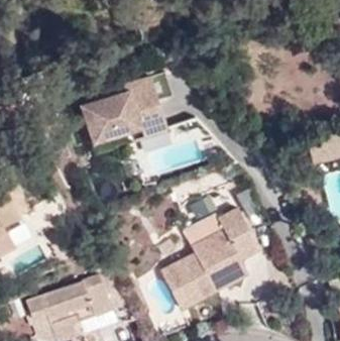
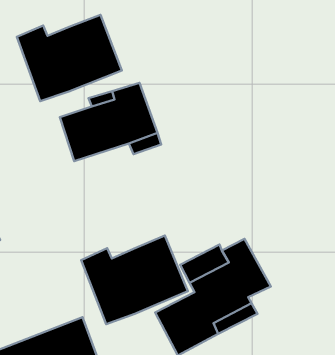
building: none -> [17,15,122,101]
building: none -> [81,236,188,324]

